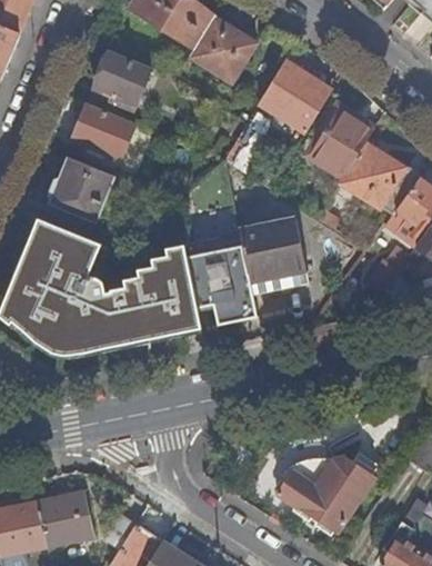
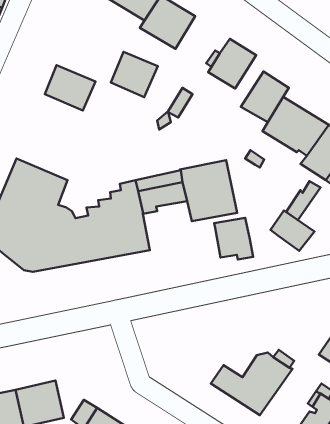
building: [93,50,151,106] -> [111,52,158,97]
building: [50,157,112,220] -> none
building: [209,270,257,321] -> [214,218,253,259]
building: none -> [270,210,314,251]

